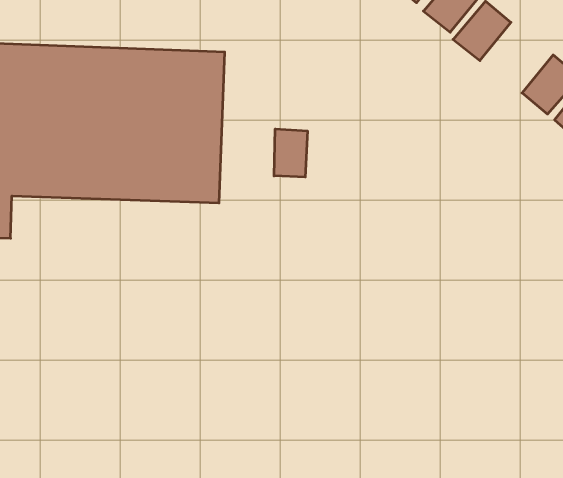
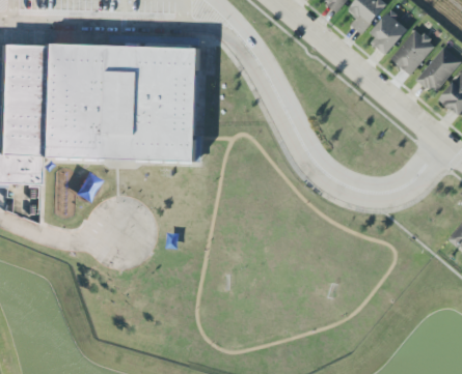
building: none -> [395,31,437,75]
building: [274,129,307,177] -> none

